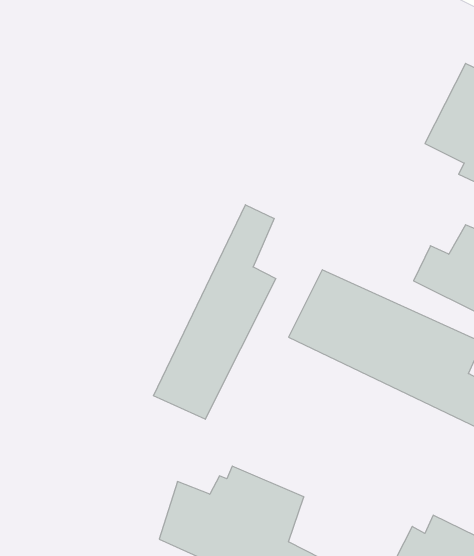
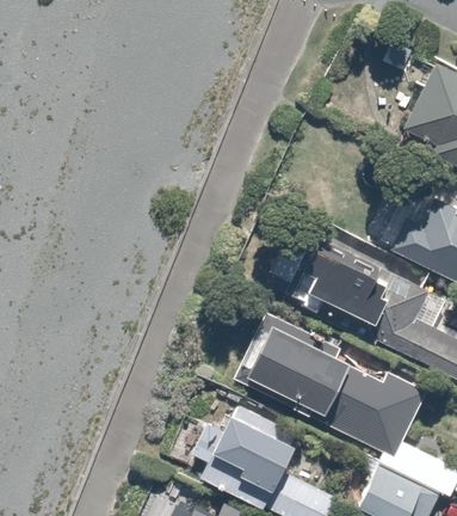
building: [153,205,276,419] -> none
building: none -> [239,315,433,462]

